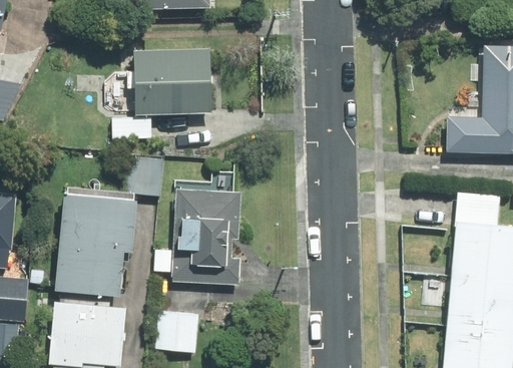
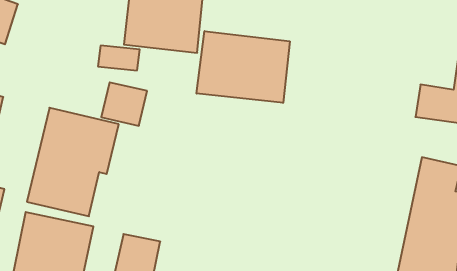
building: none -> [197,31,290,103]
building: [170,188,242,287] -> none

